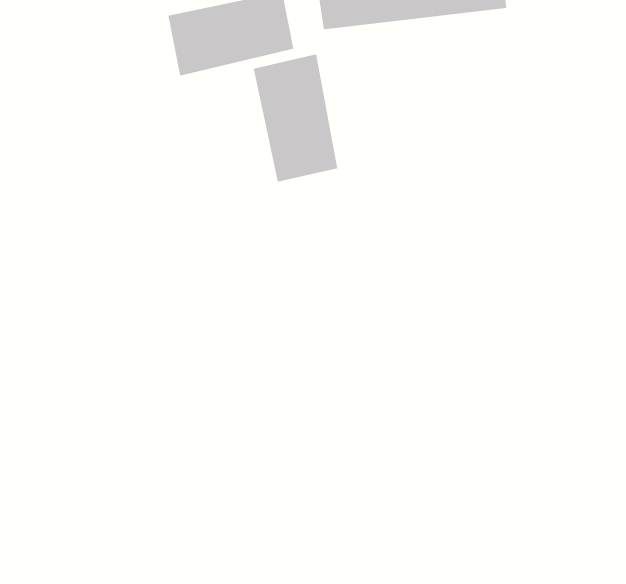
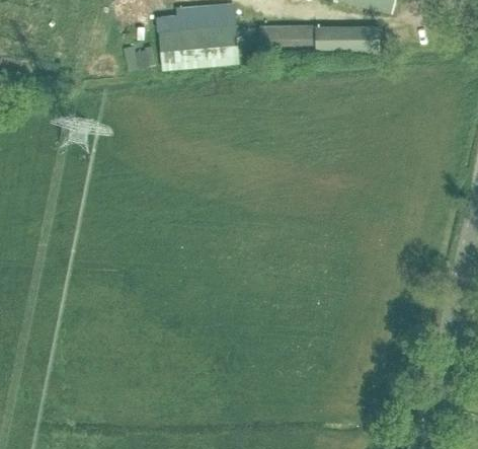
building: [253,54,338,183] -> none

